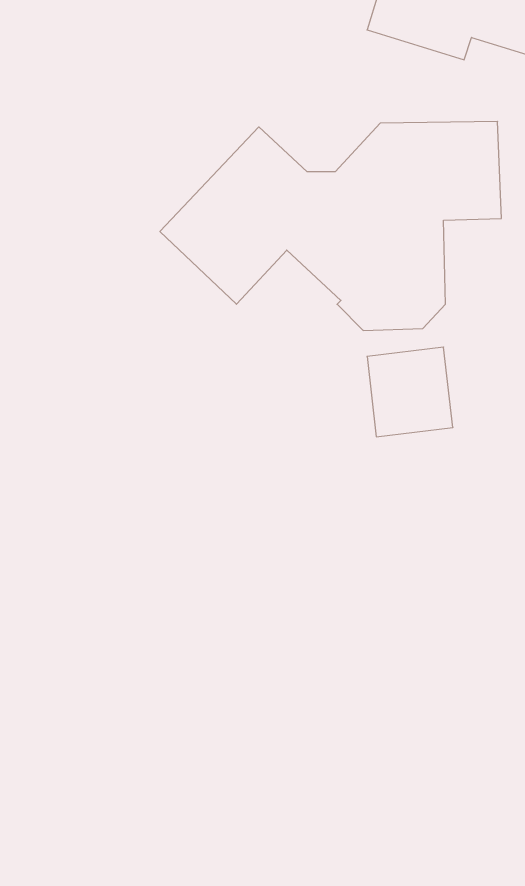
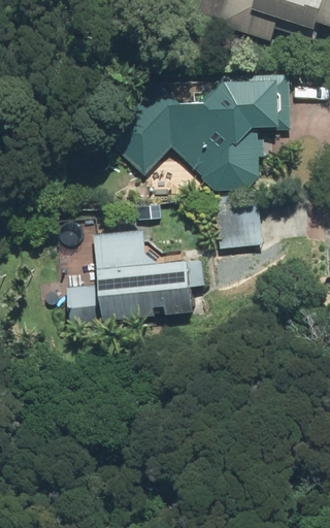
building: none -> [68,231,206,324]

